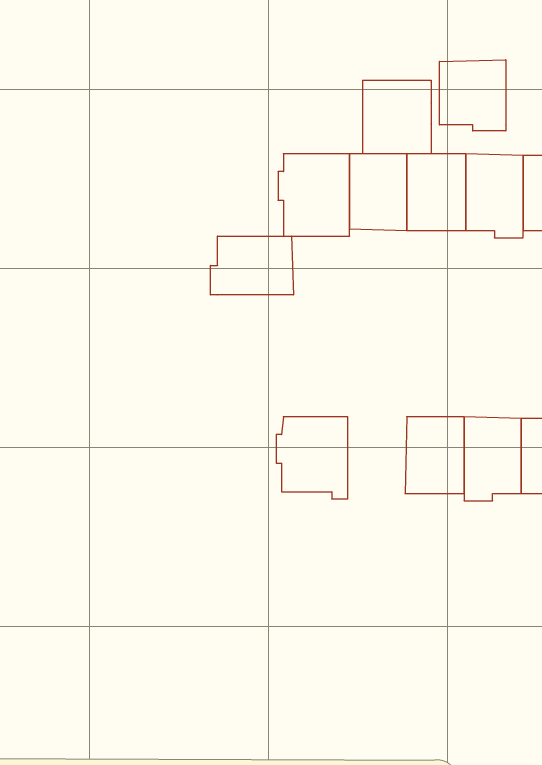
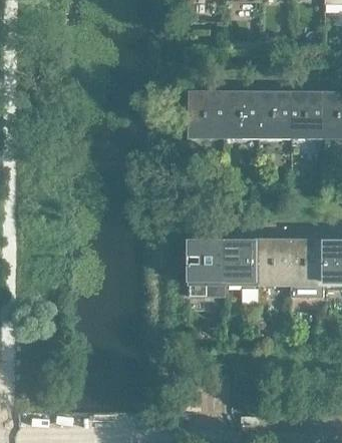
building: [440,60,506,131] -> none
building: [363,80,431,154] -> none
building: [211,236,293,295] -> none
building: none -> [222,241,255,284]

